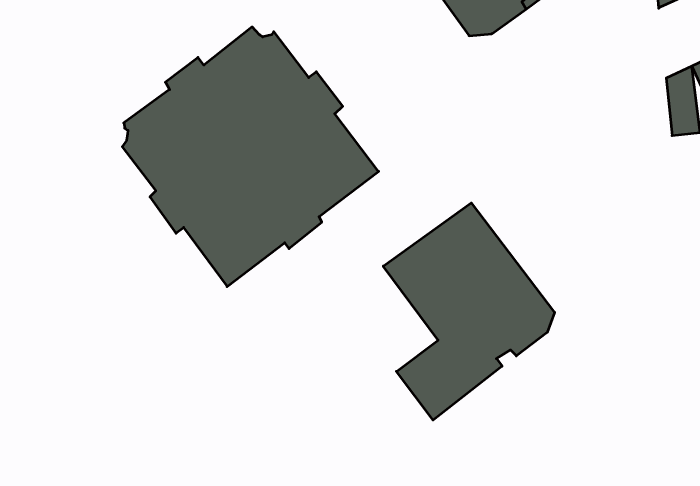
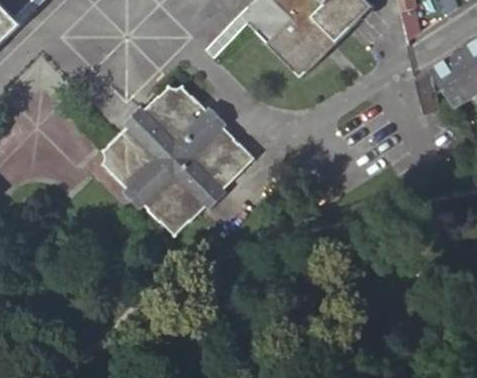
building: [383,203,555,420] -> none

